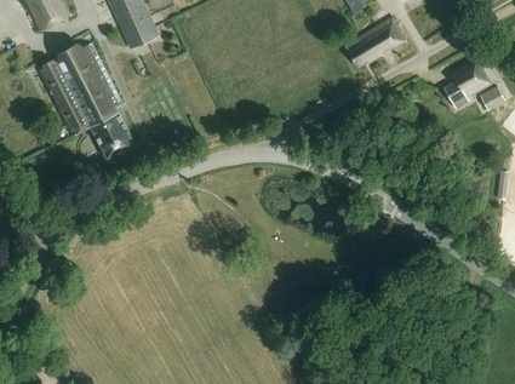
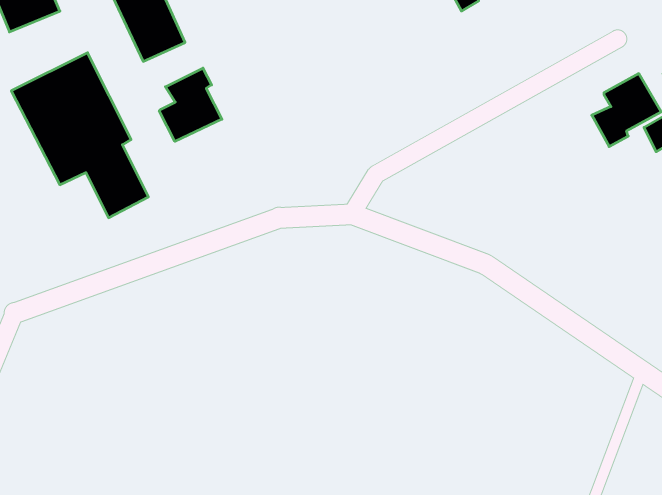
building: [344,16,405,67] -> none
building: none -> [159,68,222,141]

